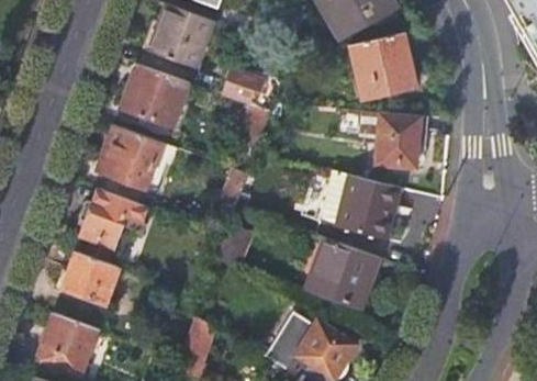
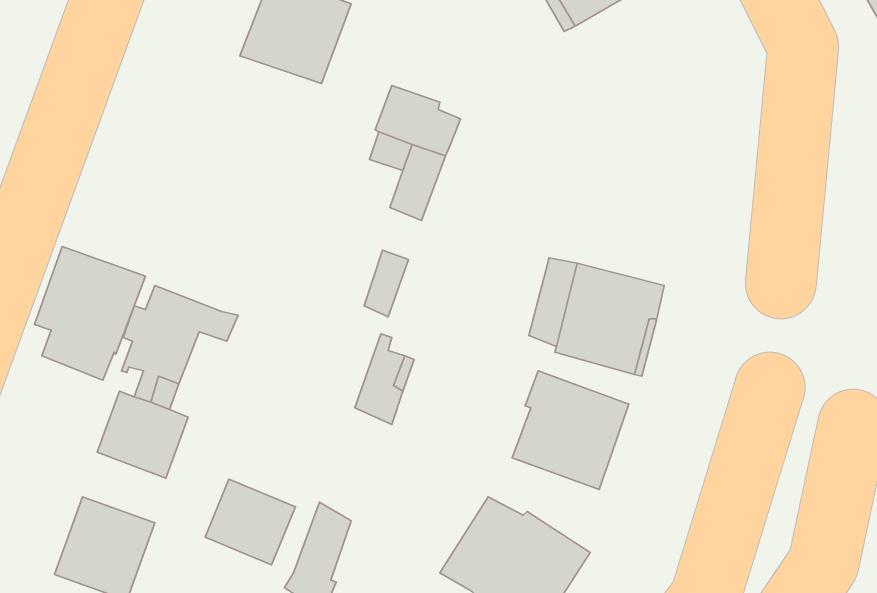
building: [349,33,415,100] -> none
building: [120,64,189,127] -> none
building: [376,113,429,170] -> none
building: [97,125,163,204] -> [34,247,146,380]
building: none -> [205,479,295,565]

